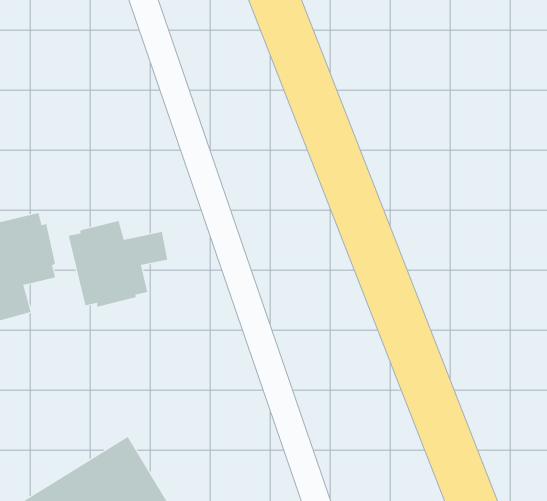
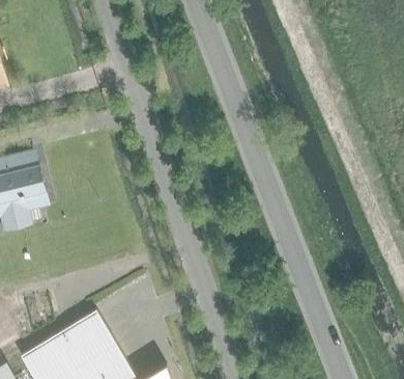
building: [68,220,168,308] -> none

